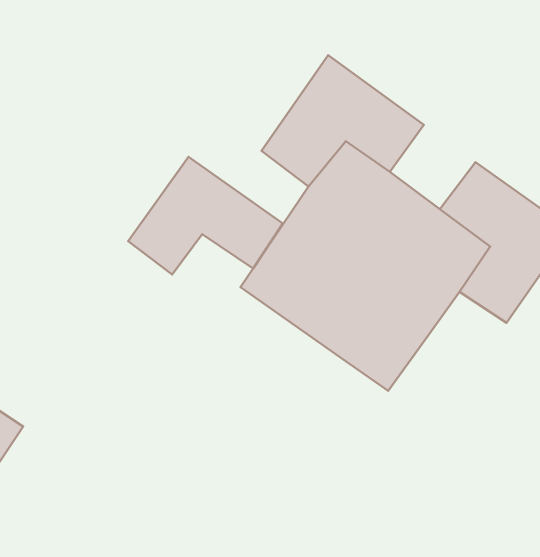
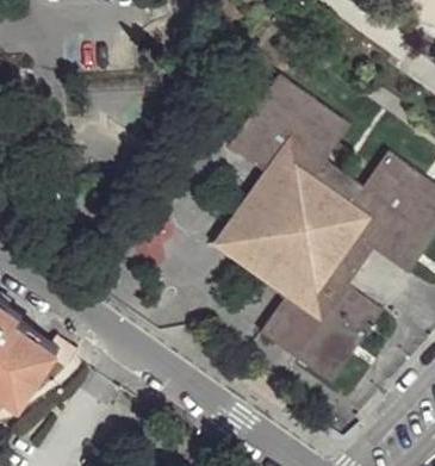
building: [128,157,283,274] -> none
building: none -> [260,287,379,380]

